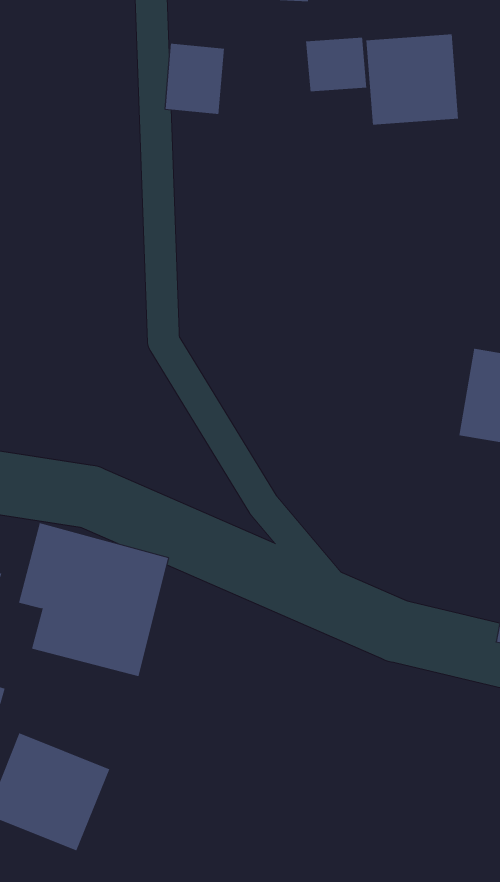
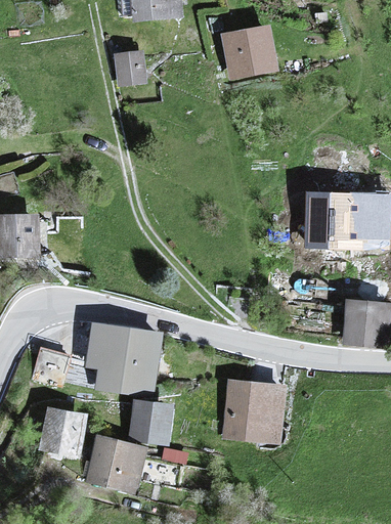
building: [306,37,367,92] -> none
building: none -> [226,383,287,447]
building: none -> [129,400,171,444]

